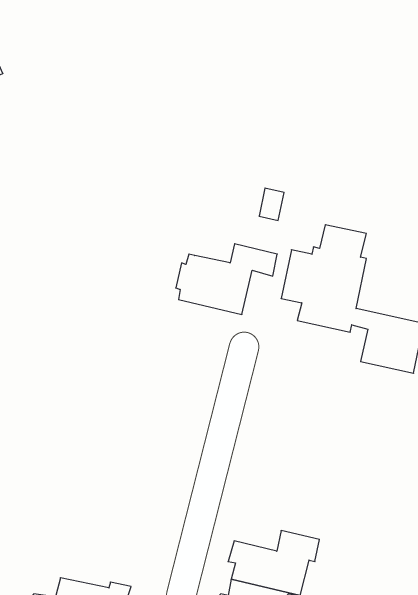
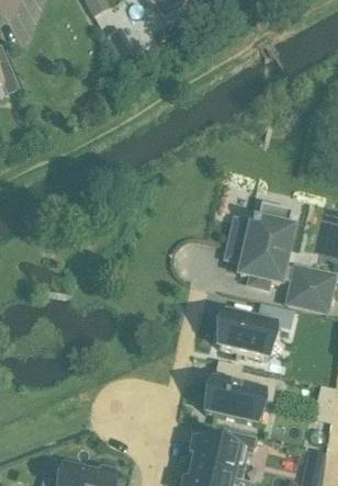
building: [176,244,277,314] -> [216,304,292,357]
building: none -> [204,371,277,420]

